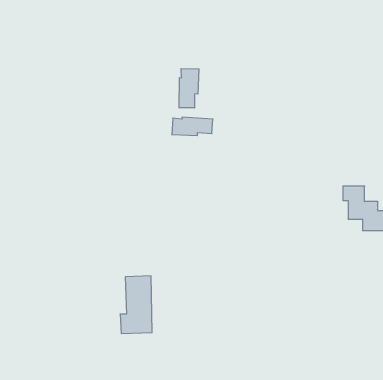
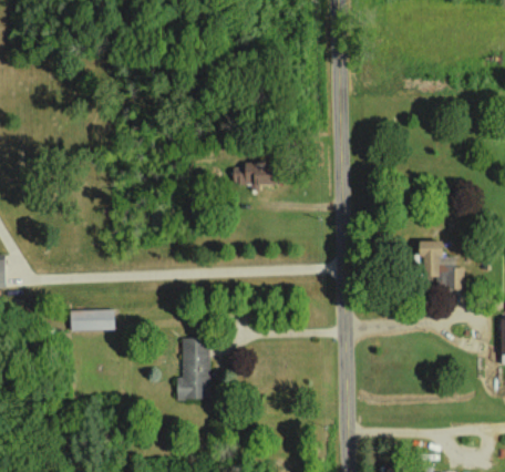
building: [179,69,199,108] -> none
building: none -> [70,310,113,329]

